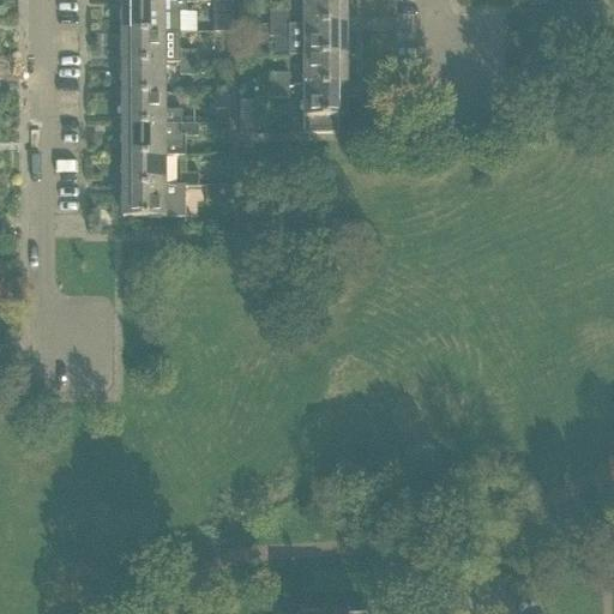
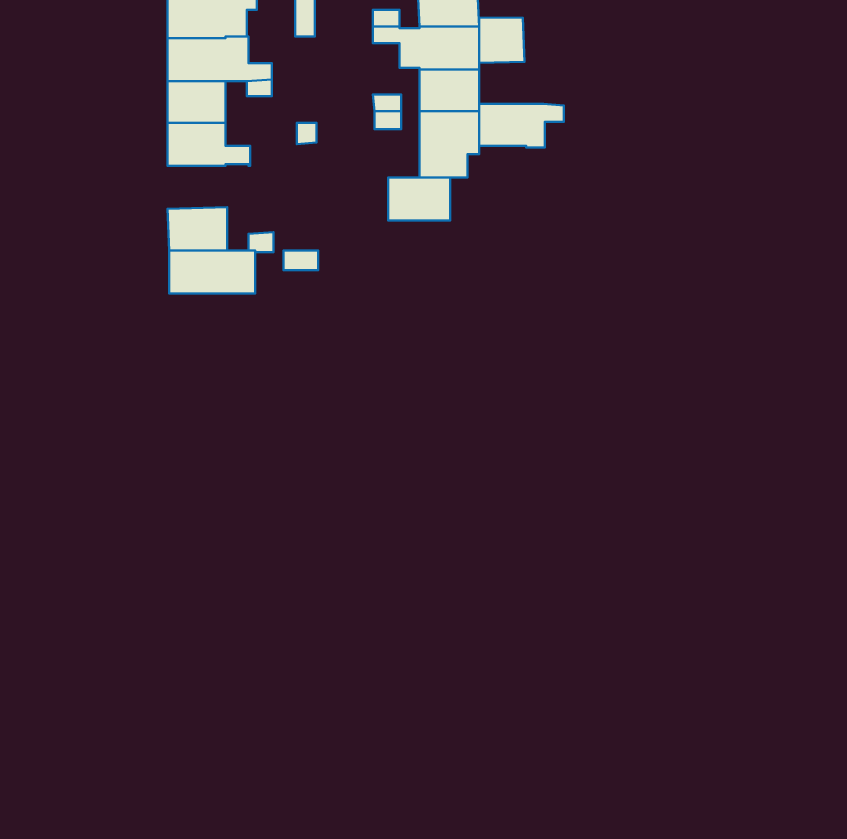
building: none -> [479,18,525,63]
building: none -> [479,104,564,148]
building: [121,119,198,151] -> none
building: none -> [388,177,450,220]

